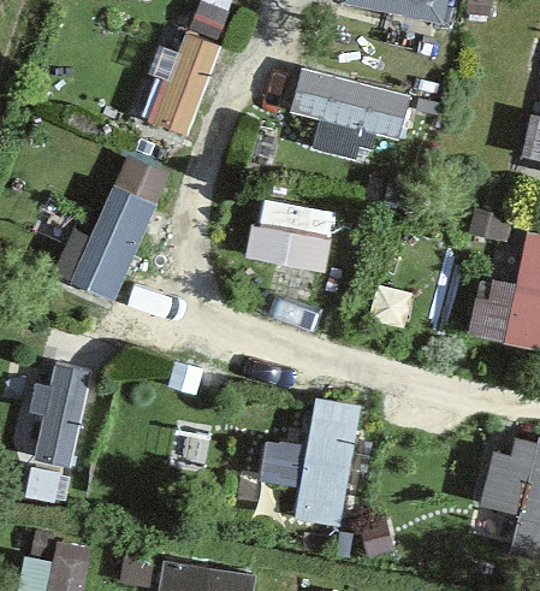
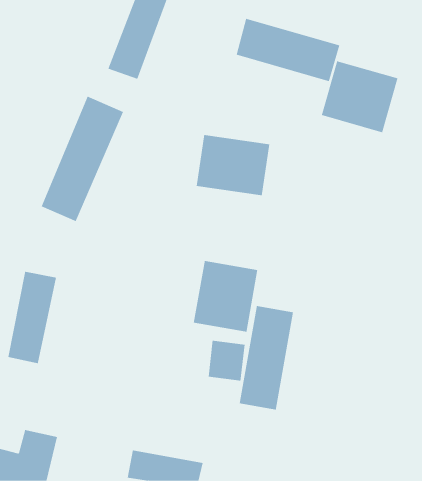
building: none -> [321,60,398,133]
building: none -> [193,260,258,332]

